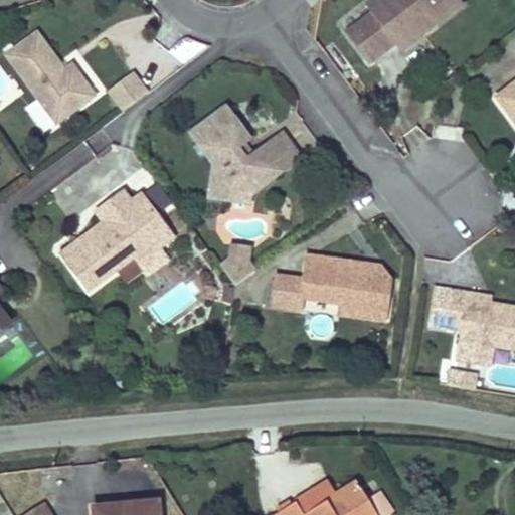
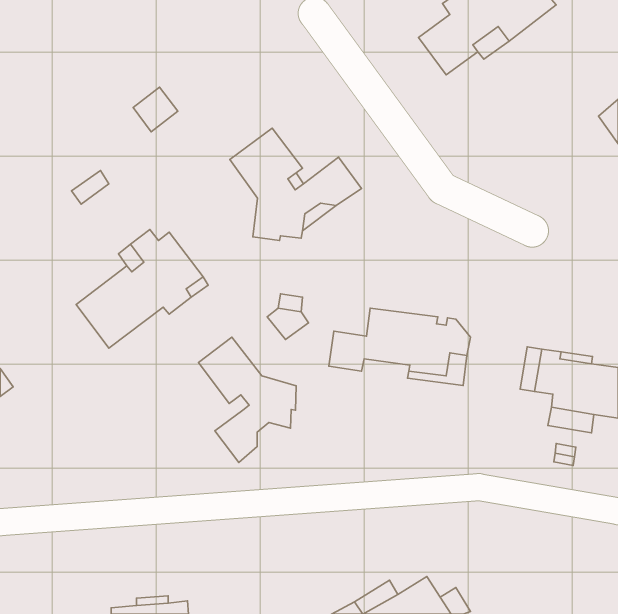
building: [6,30,98,125] -> none
building: none -> [199,337,296,462]

